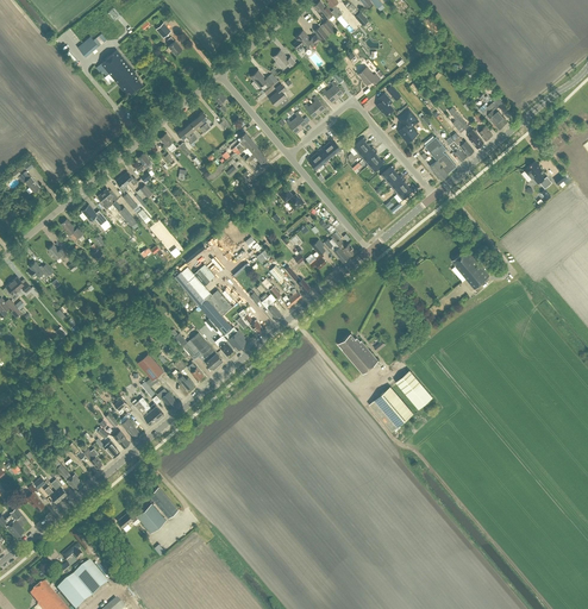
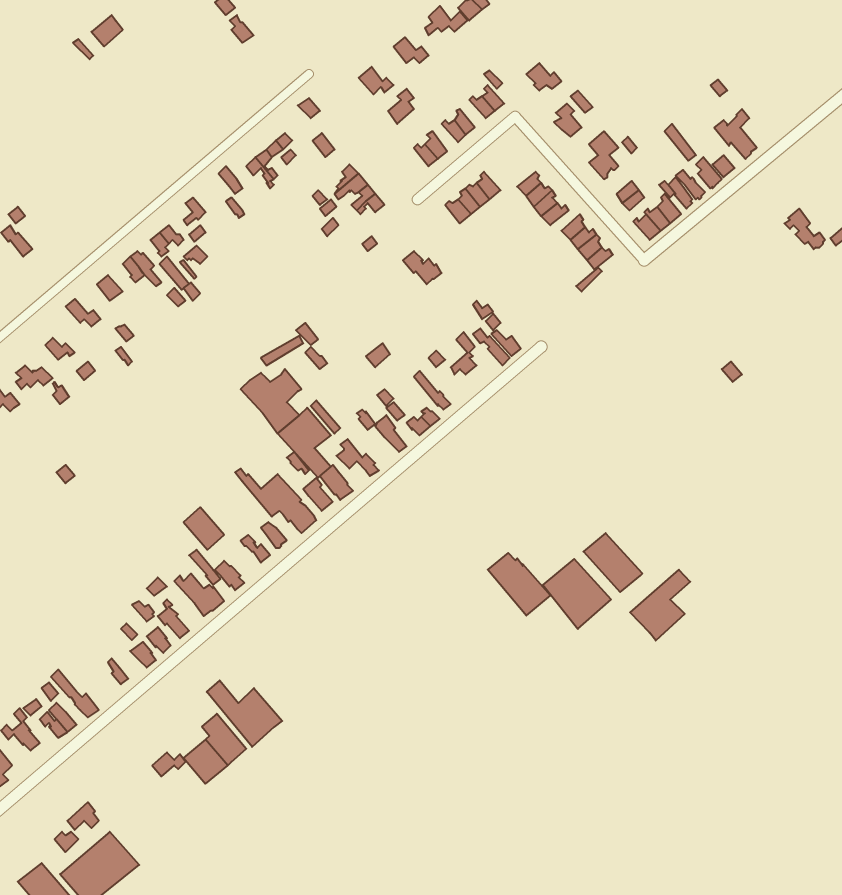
building: [96,50,142,93] -> none
building: [452,249,489,288] -> none
building: [338,333,379,373] -> [488,553,550,616]
building: none -> [630,570,690,641]
building: none -> [207,680,282,747]

